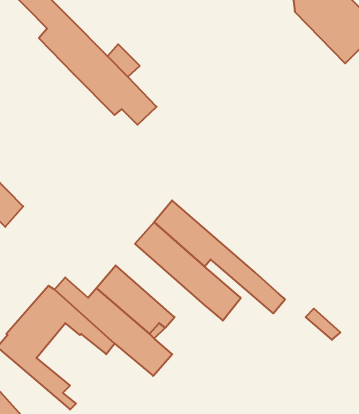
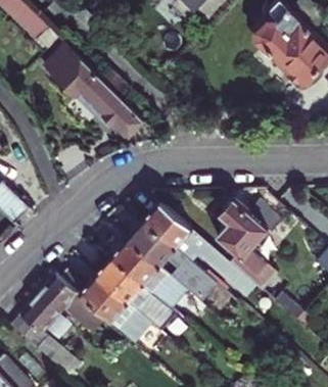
building: none -> [214,199,276,281]
building: none -> [109,238,185,308]

